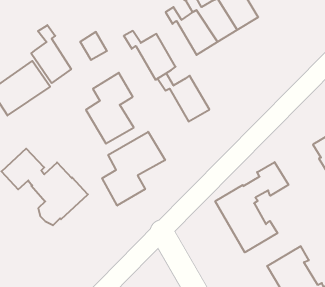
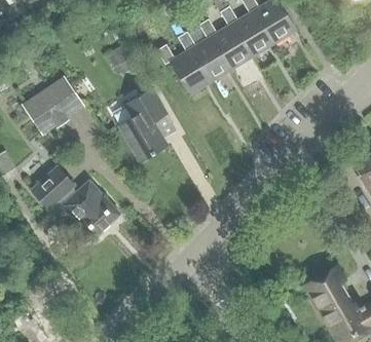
building: [31,25,71,83] -> none
building: [158,74,209,121] -> [179,32,232,81]
building: [102,132,165,206] -> none
building: [215,162,288,252] -> none

